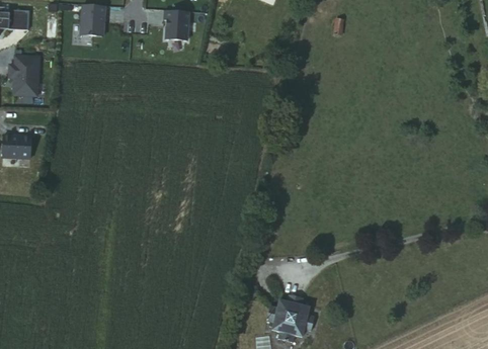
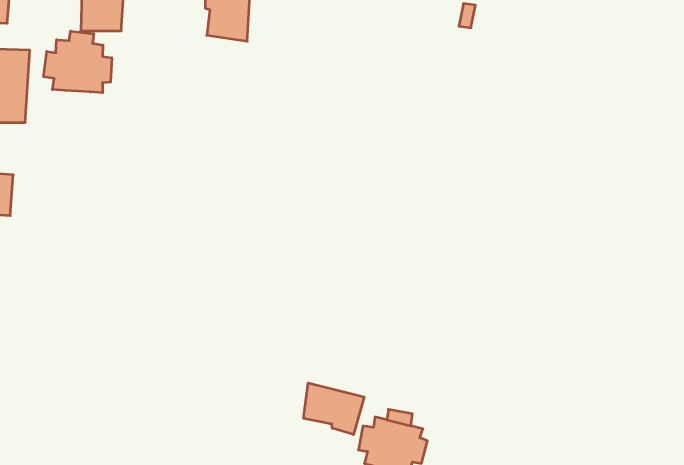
building: none -> [44,31,112,93]
building: none -> [304,383,364,435]

